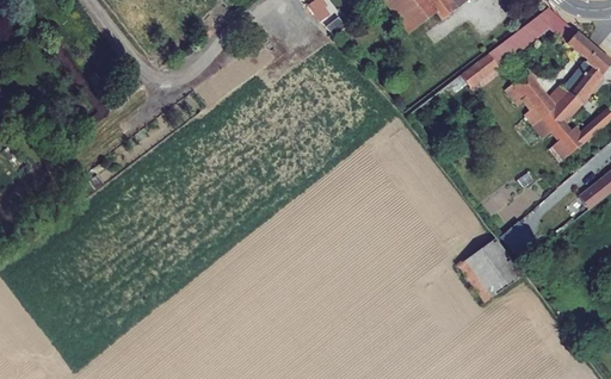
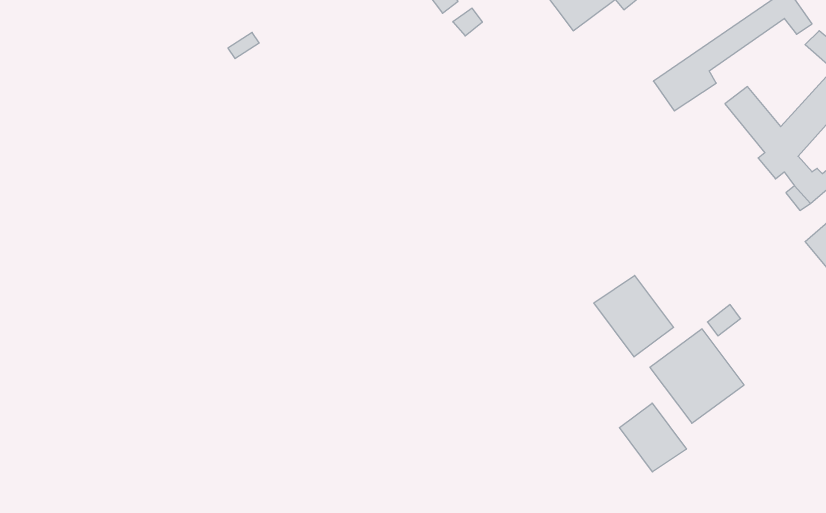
building: none -> [594,275,674,357]
building: none -> [619,403,686,472]

